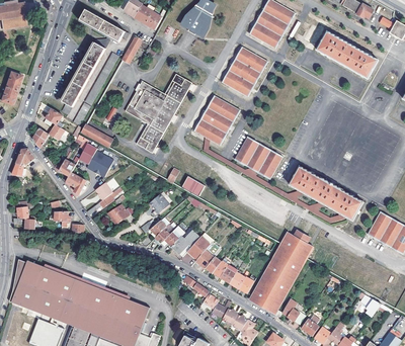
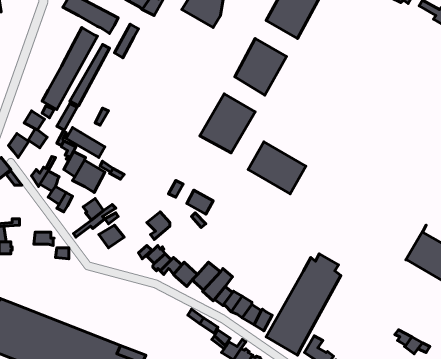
building: [317,29,377,76] -> none
building: [123,75,191,153] -> none
building: [289,162,366,221] -> none

